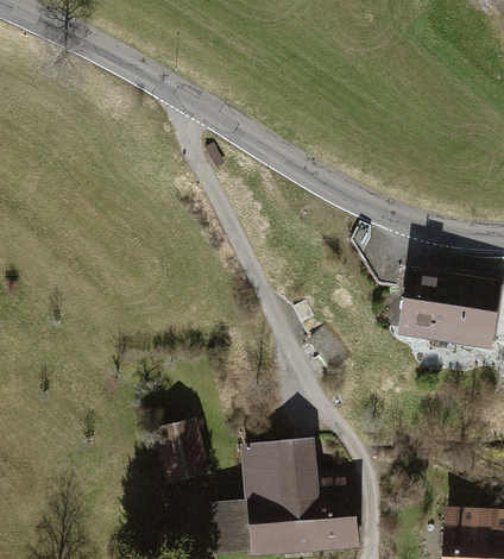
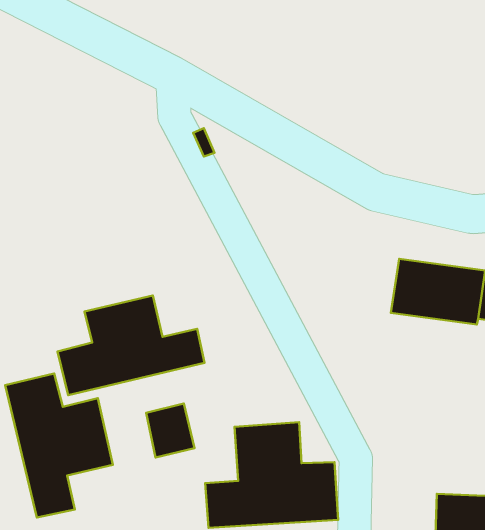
building: none -> [58,296,205,395]
building: none -> [5,373,113,518]

